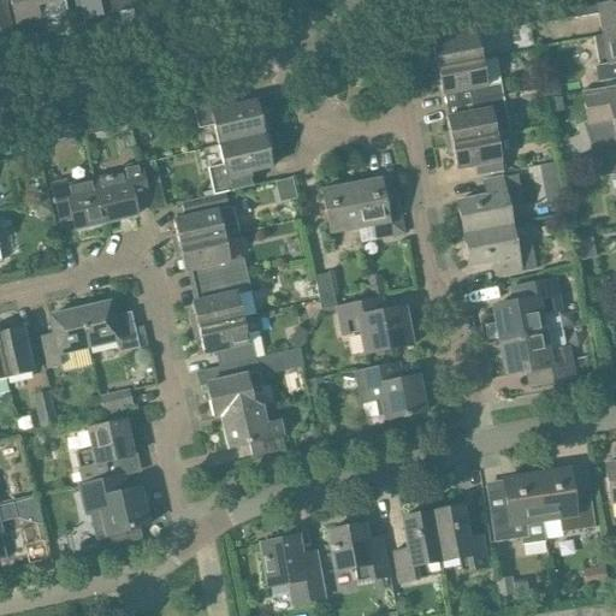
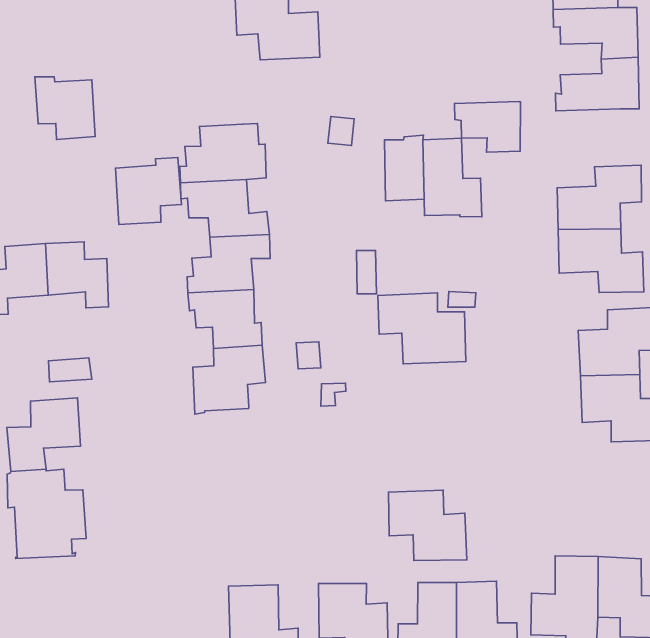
building: [209,132,272,192] -> none
building: [449,134,504,176] -> [454,101,520,152]
building: [96,162,150,220] -> [115,158,181,225]
building: [359,360,426,416] -> [388,490,467,561]
building: [223,403,286,455] -> none

